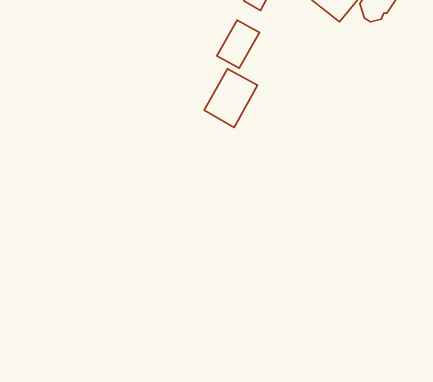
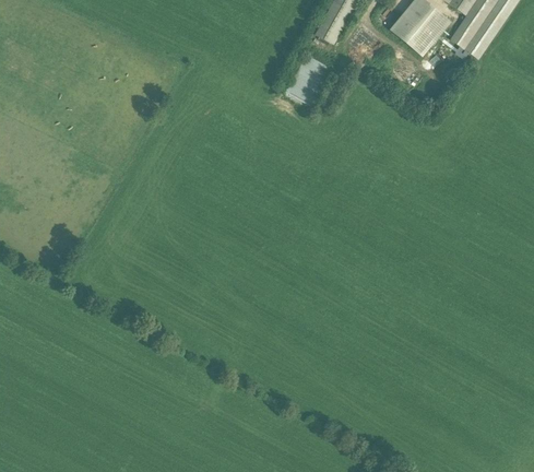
building: [204,69,257,127] -> none

